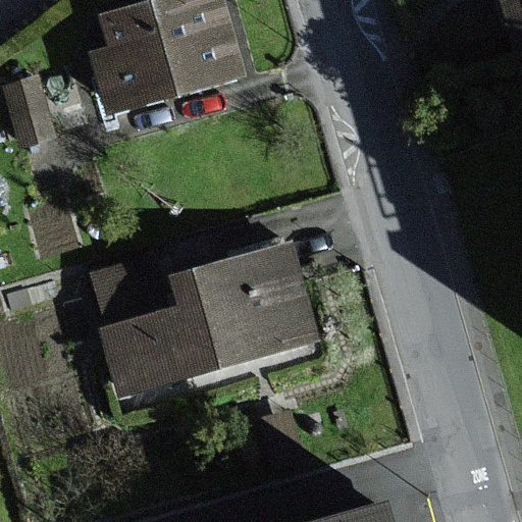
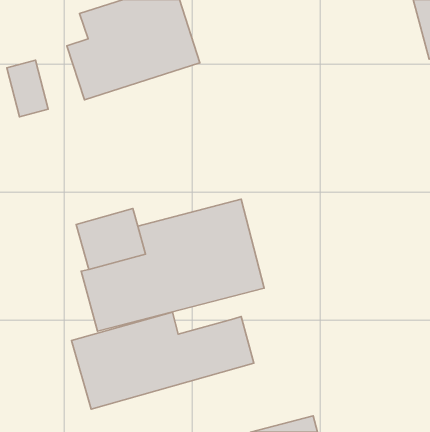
building: none -> [72,312,254,409]

